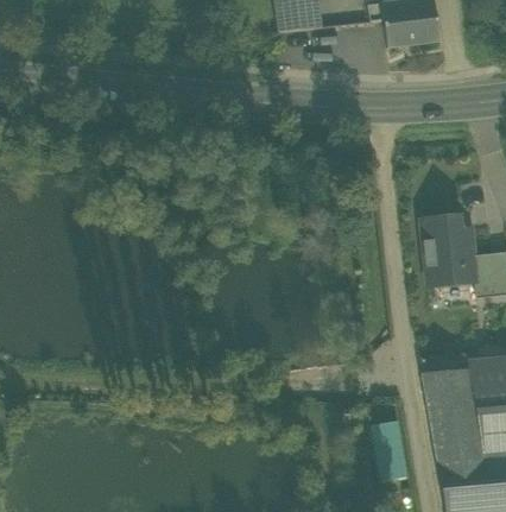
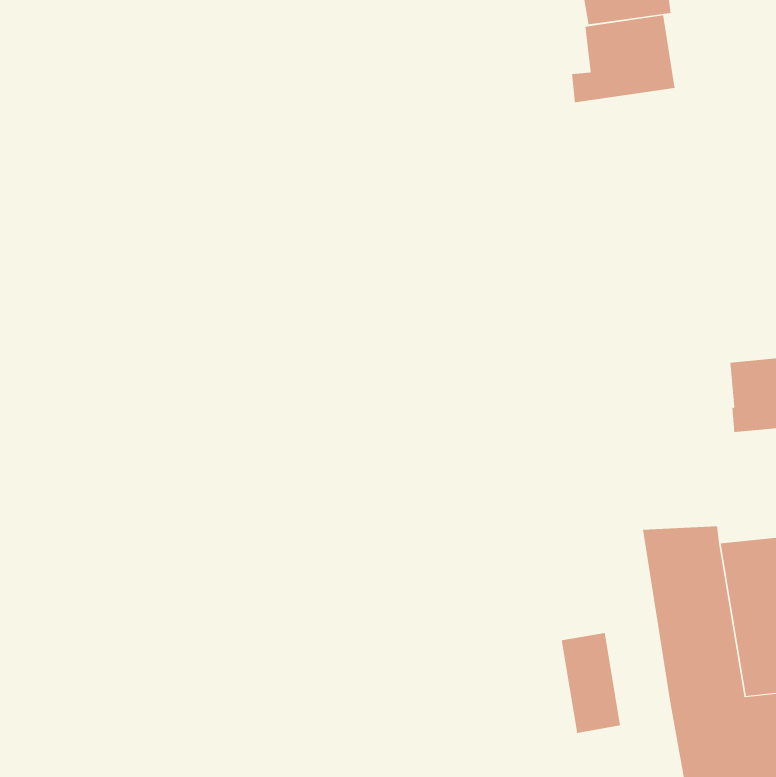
building: none -> [572,14,675,103]
building: [420,215,476,286] -> none

